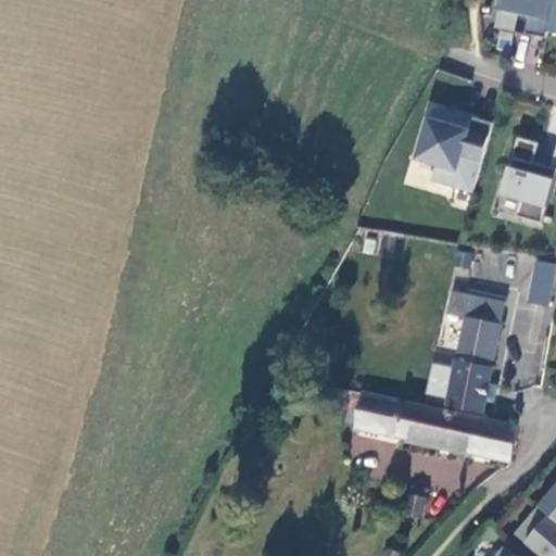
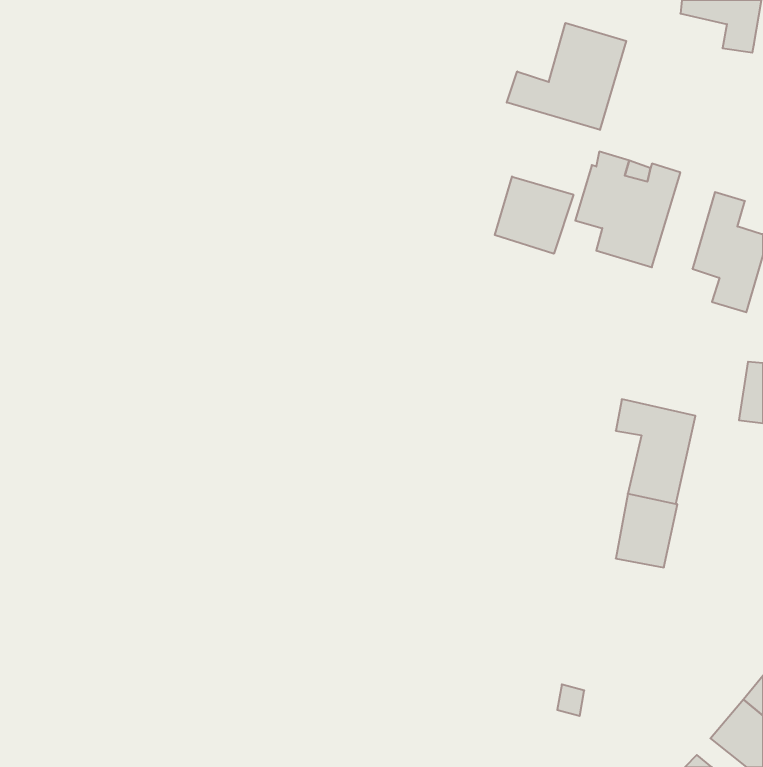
building: none -> [507,23,626,130]
building: none -> [495,176,573,254]
building: [352,391,516,463] -> none

